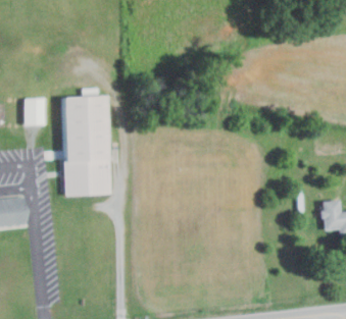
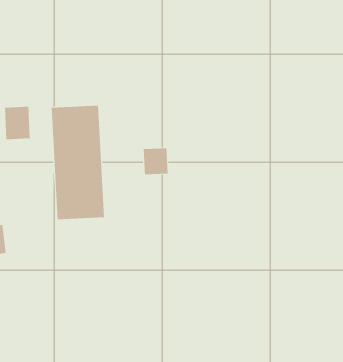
building: none -> [143,148,168,175]

